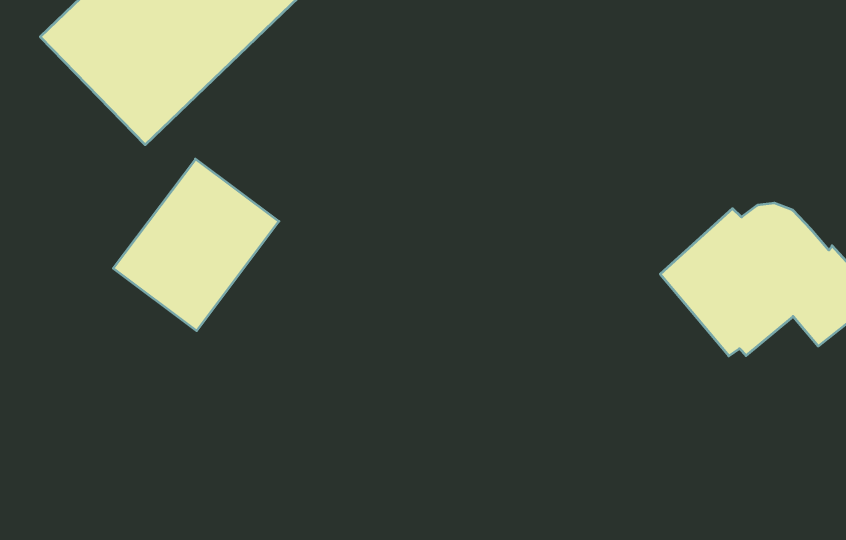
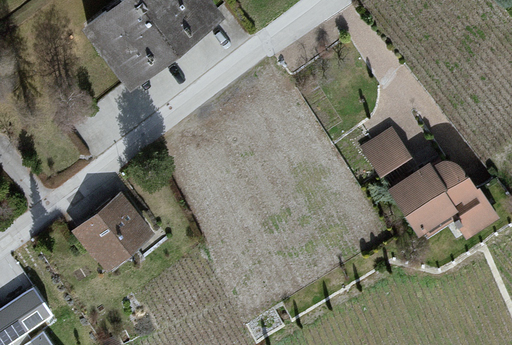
building: none -> [360,127,411,178]
building: [113,159,279,331] -> [71,186,160,275]

